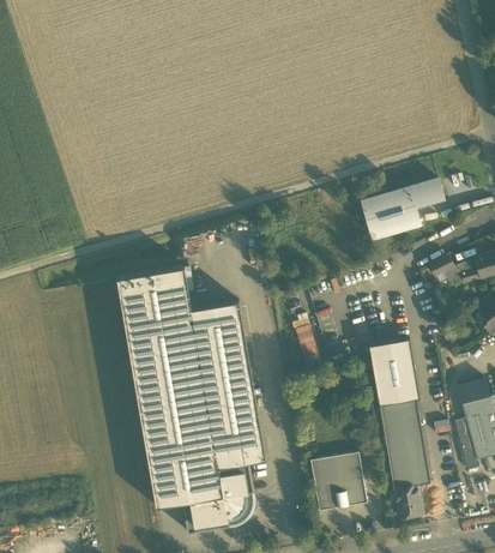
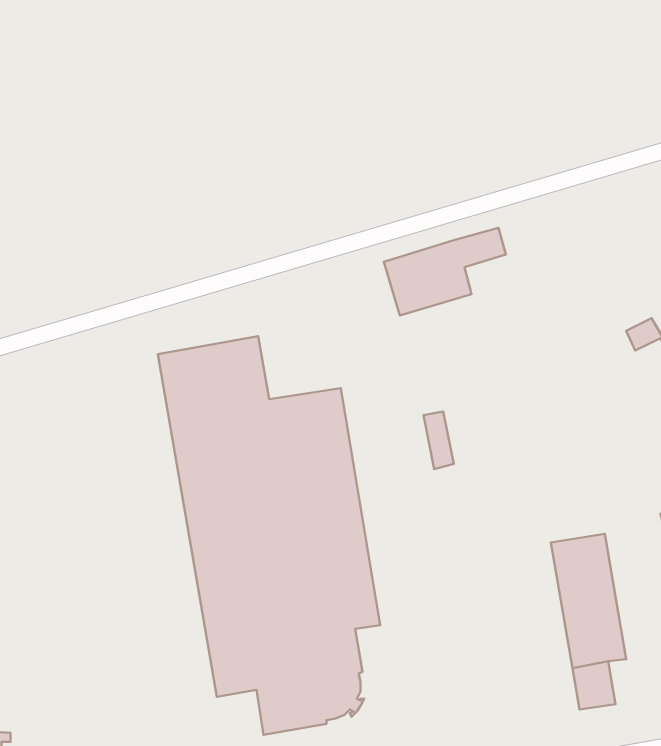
building: [361,180,442,239] -> [384,228,506,316]
building: [368,339,418,405] -> none
building: [309,452,366,511] -> none

